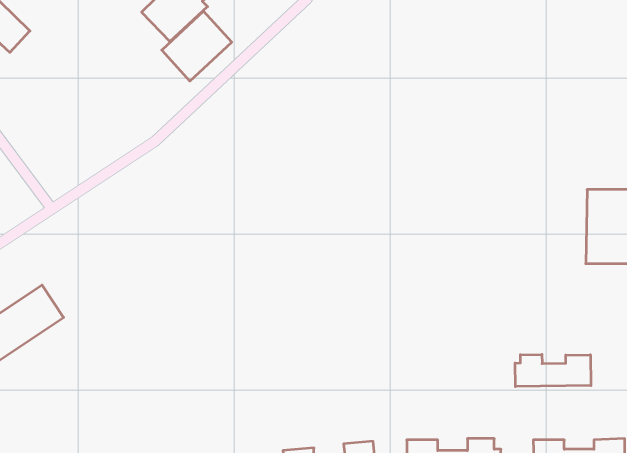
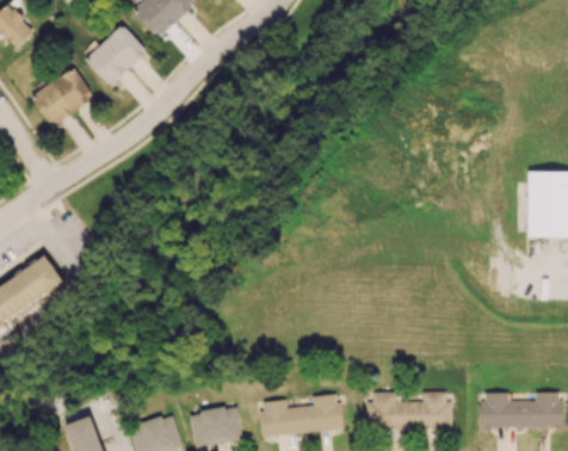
building: [162,11,232,81] -> [85,25,147,87]
building: none -> [31,68,93,126]
building: [515,354,591,387] -> none

